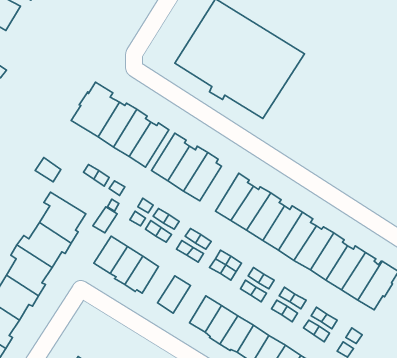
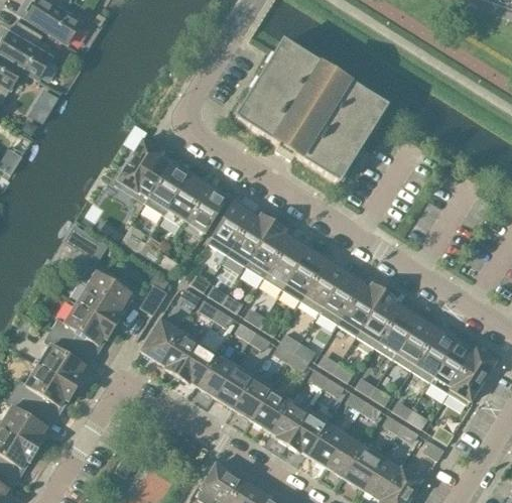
building: none -> [263,237,308,289]
building: none -> [196,354,234,396]
building: none -> [232,376,270,419]

